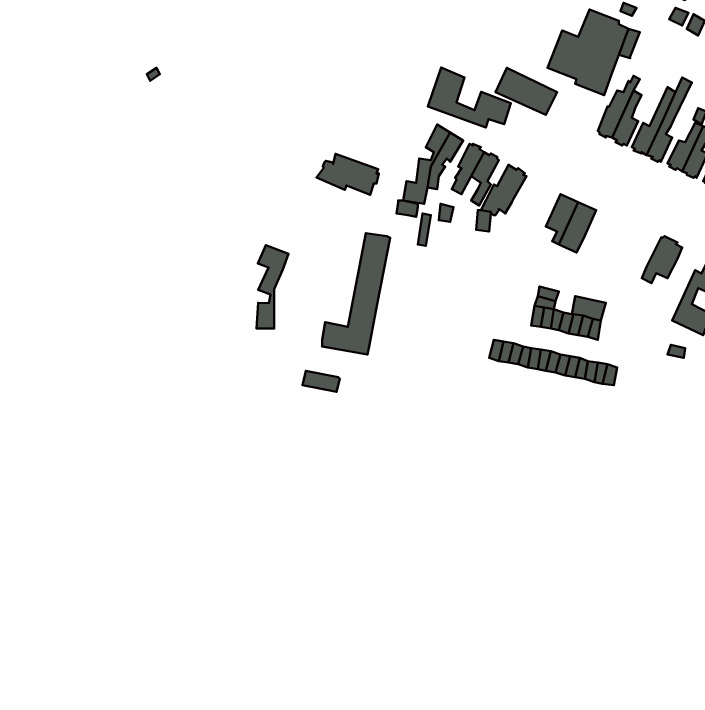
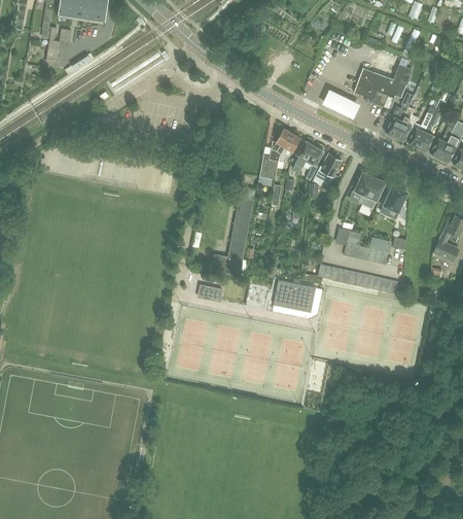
building: [428,67,511,128] -> none
building: [317,154,379,195] -> none
building: [642,236,682,283] -> [380,184,405,214]
building: [257,245,289,329] -> none
building: none -> [273,279,315,312]

